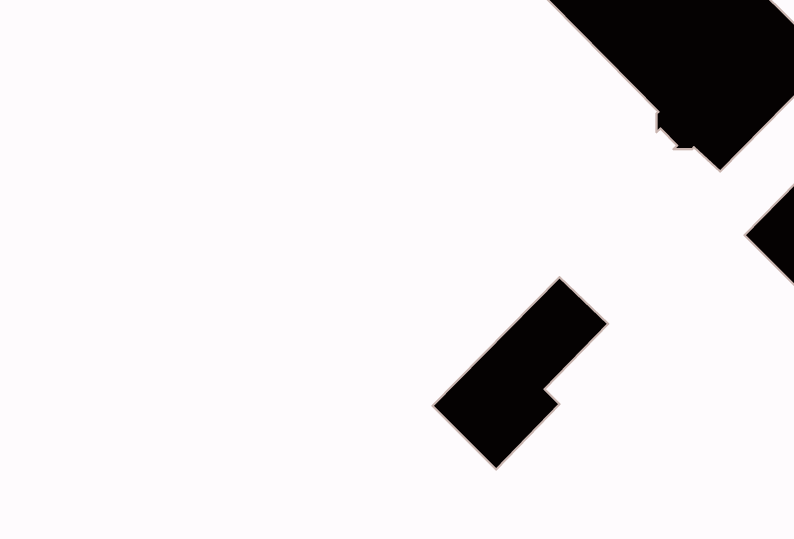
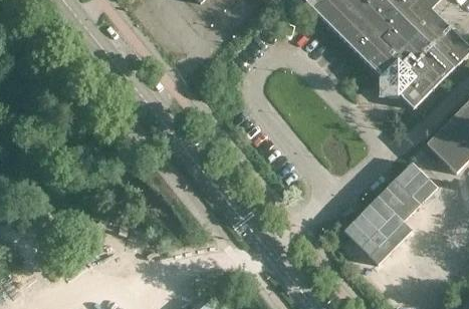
building: [433,277,608,469] -> [344,162,439,265]

